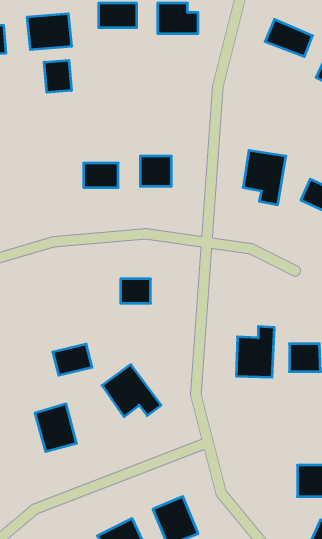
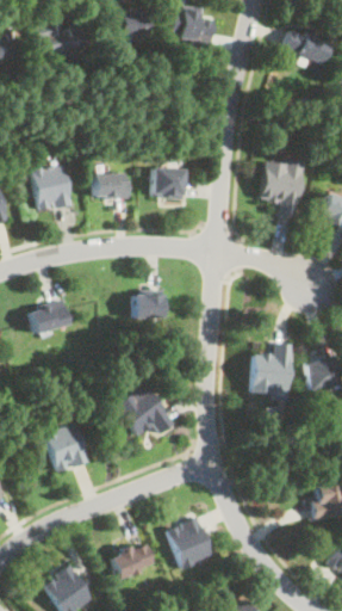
building: [44,60,71,92] -> none
building: none -> [31,163,73,212]
building: [53,344,92,375] -> [30,301,70,333]

